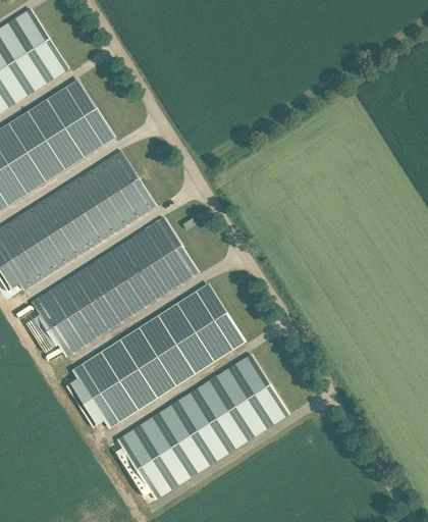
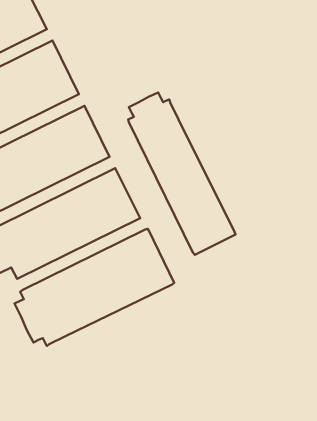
building: none -> [128,92,235,255]
building: [115,354,288,499] -> none

